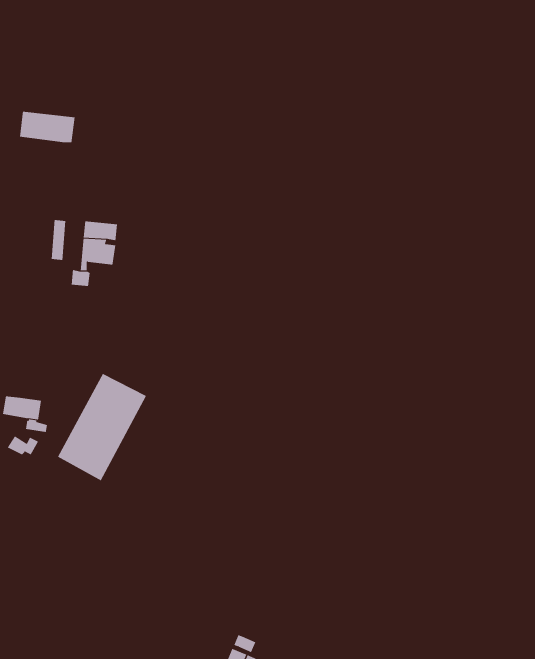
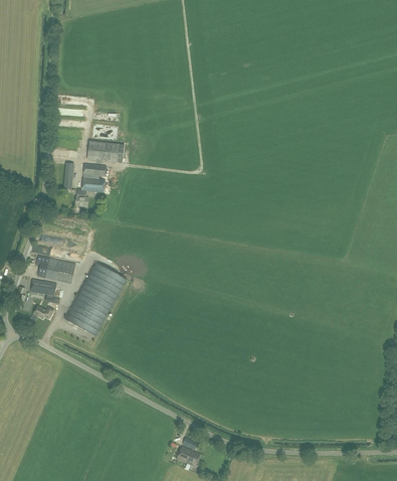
building: [19,111,75,143] -> [87,140,125,161]
building: none -> [36,254,76,282]

